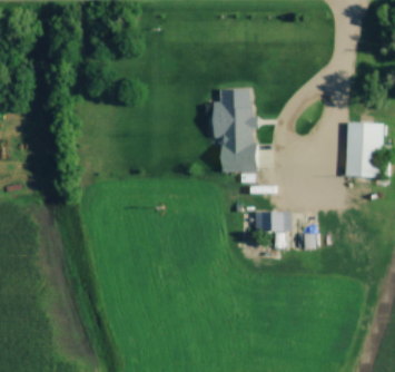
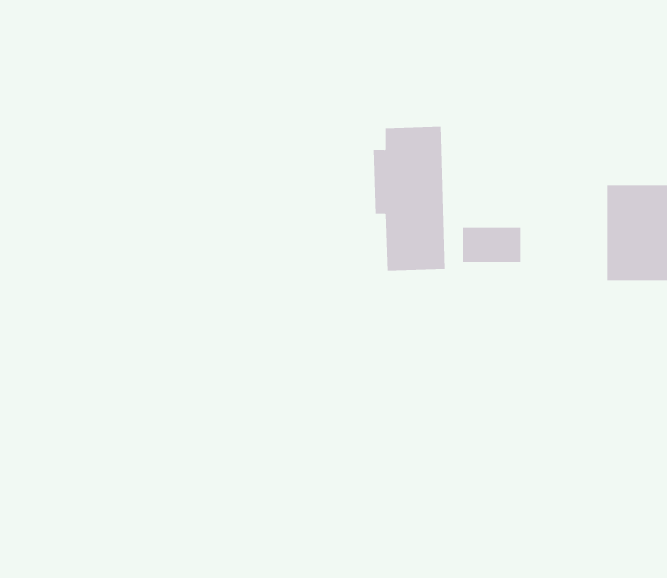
building: [256,213,289,233] -> [462,227,521,262]

